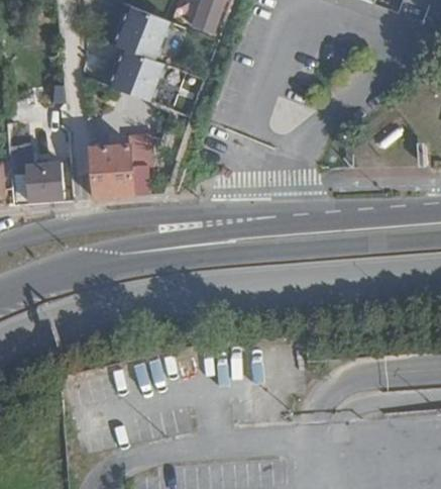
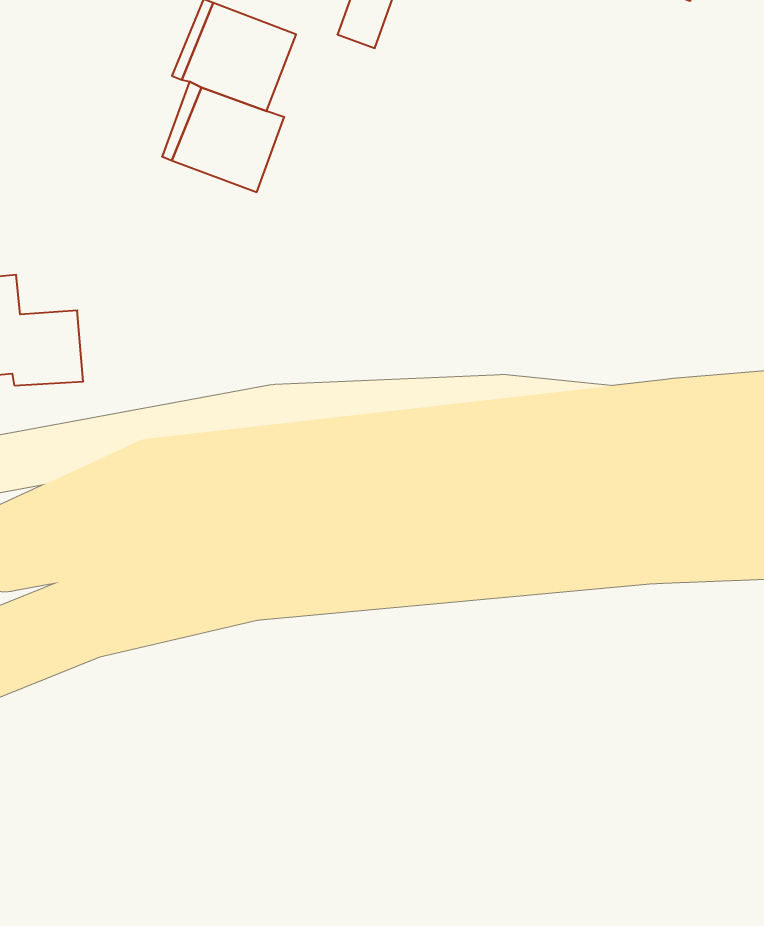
building: [89,134,150,195] -> none

